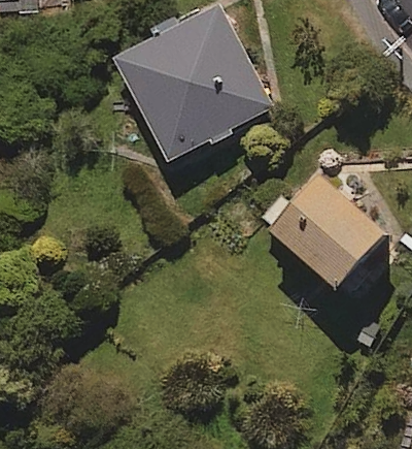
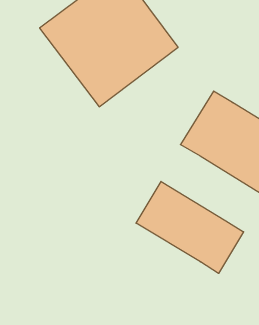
building: none -> [136,181,244,273]

